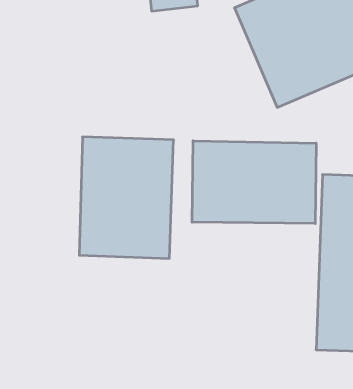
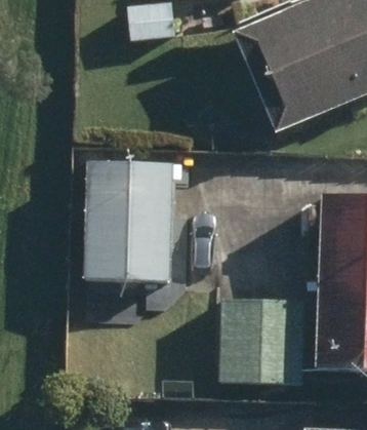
building: [192,141,316,224] -> none
building: none -> [219,300,305,381]

